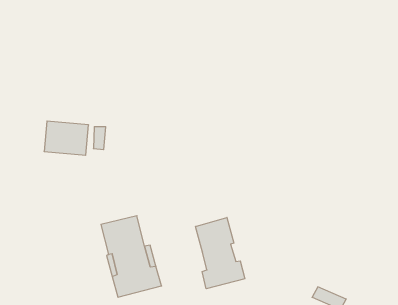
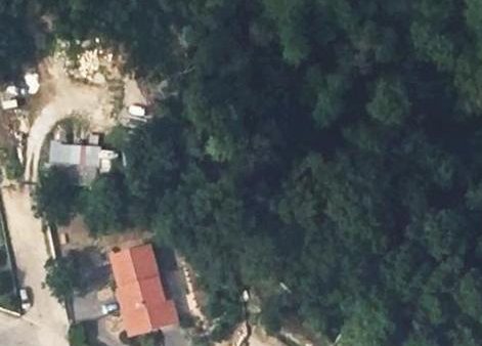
building: [196,217,245,289] -> none

